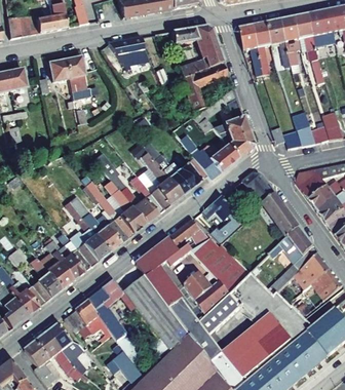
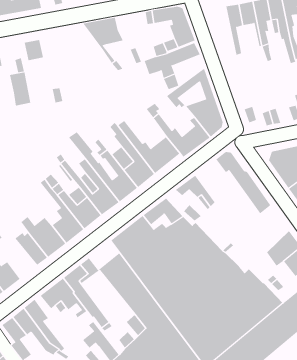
building: [238,25,263,76] -> none
building: [64,55,86,90] -> [9,72,31,106]
building: [267,227,317,296] -> none
building: [29,257,61,302] -> none

